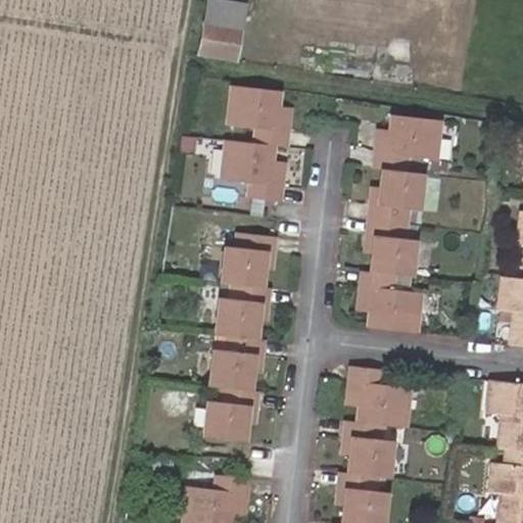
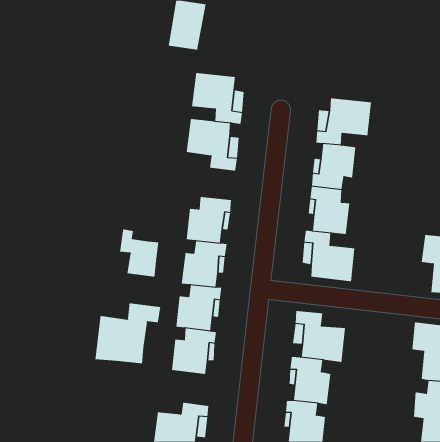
building: none -> [120,229,159,278]
building: none -> [95,302,161,364]

